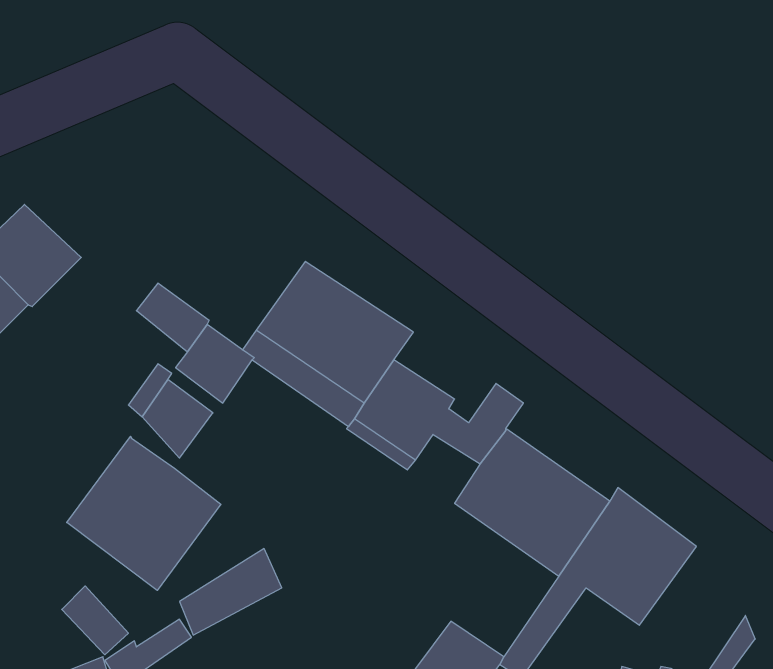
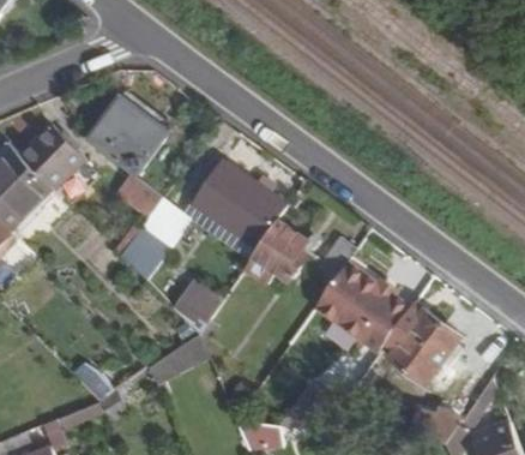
building: none -> [92,96,167,172]
building: [67,436,221,590] -> none
building: none -> [174,279,223,329]

